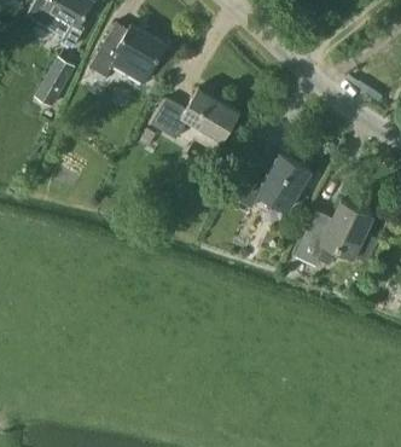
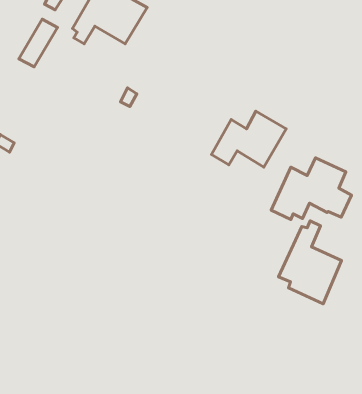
building: [150,88,239,143] -> none
building: none -> [279,221,342,304]

